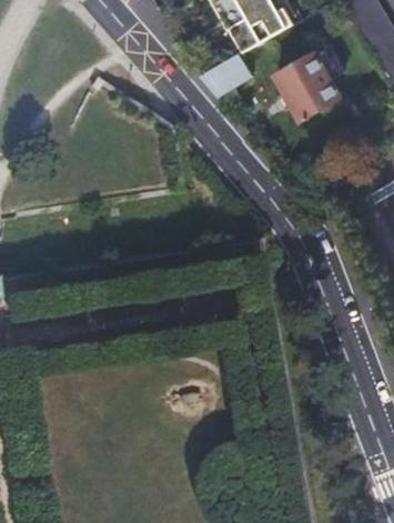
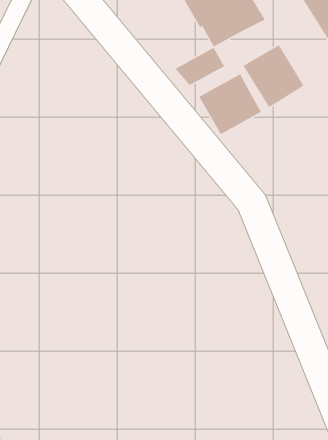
building: none -> [198,73,262,135]

